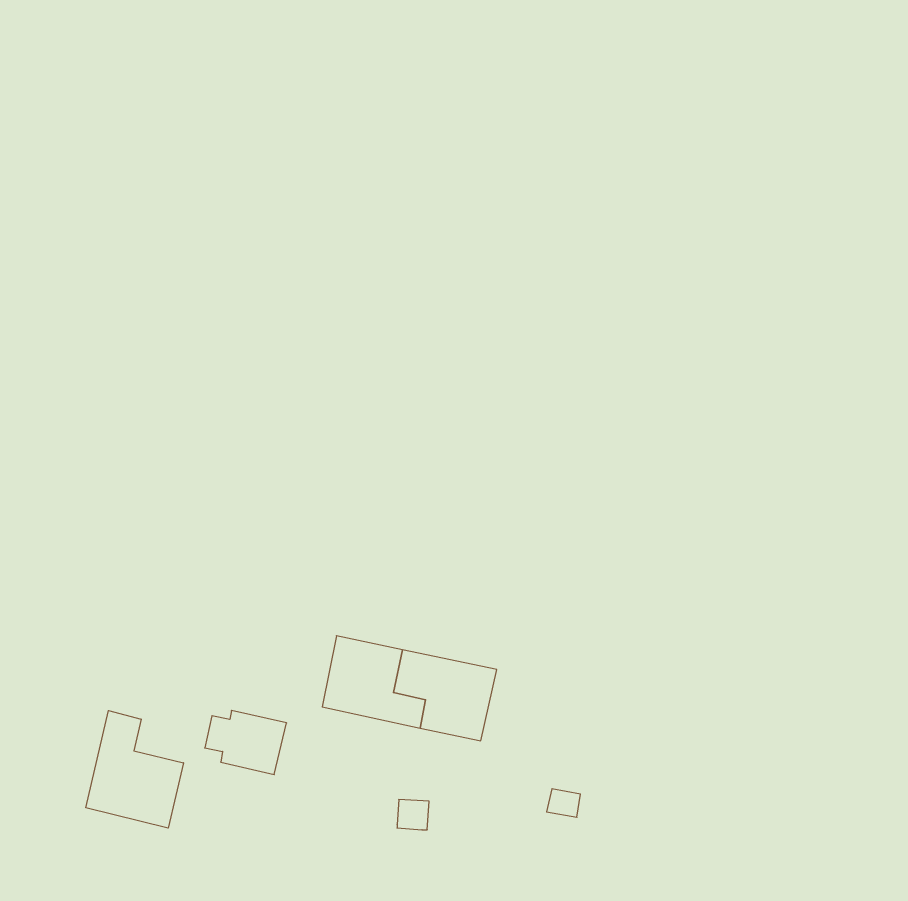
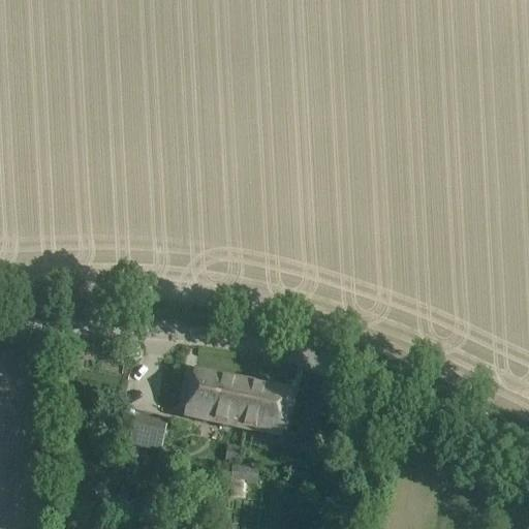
building: [86,711,183,828] -> none

